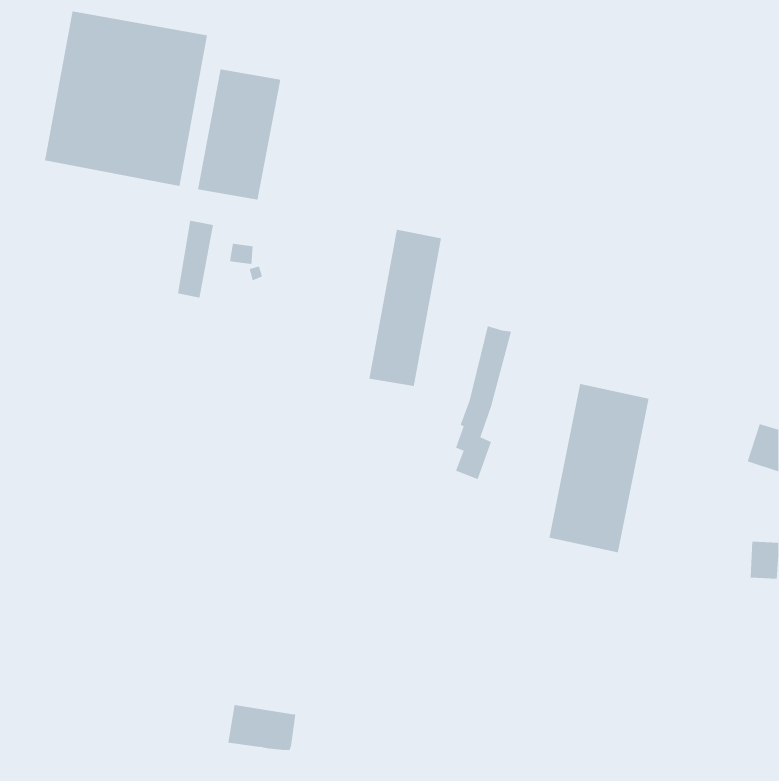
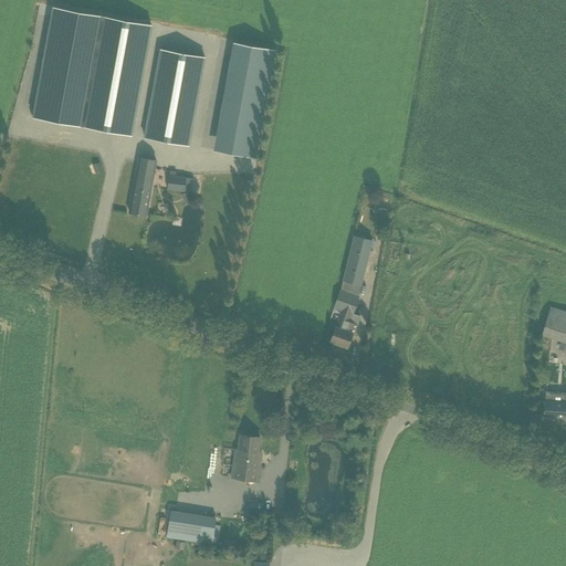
building: [369,229,442,387] -> [221,43,274,157]
building: [549,383,649,553] -> none
building: none -> [231,434,261,481]

